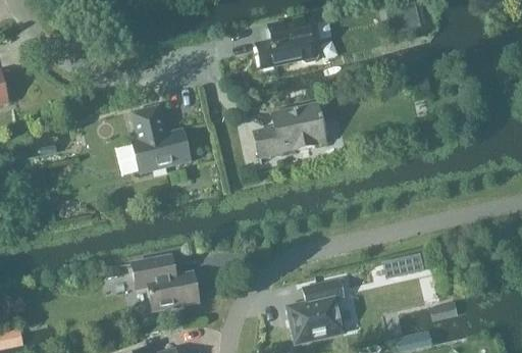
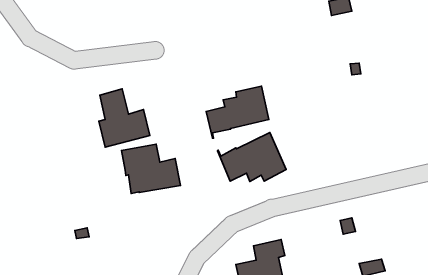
building: [256,20,318,67] -> none
building: none -> [217,133,286,181]
building: [132,255,199,311] -> [121,144,180,194]

